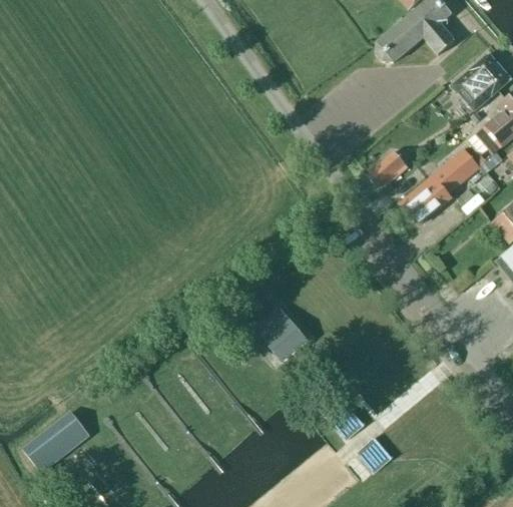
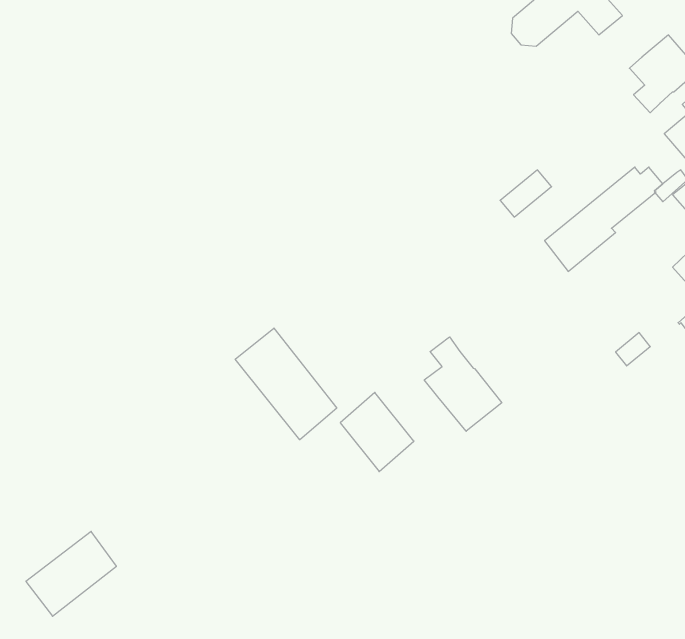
building: none -> [235,328,337,440]
building: none -> [424,337,502,431]

